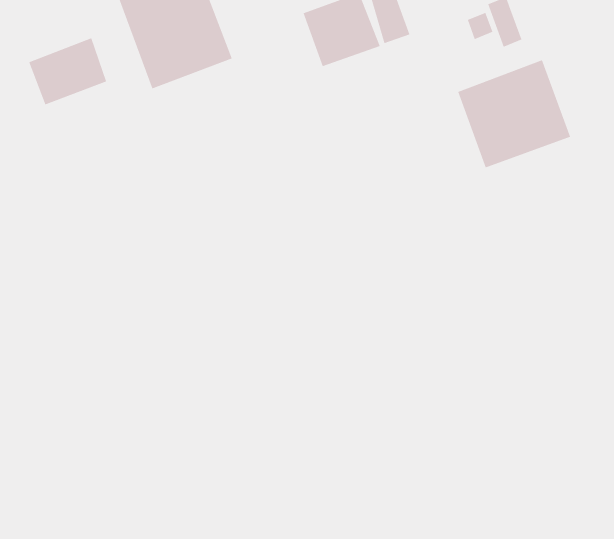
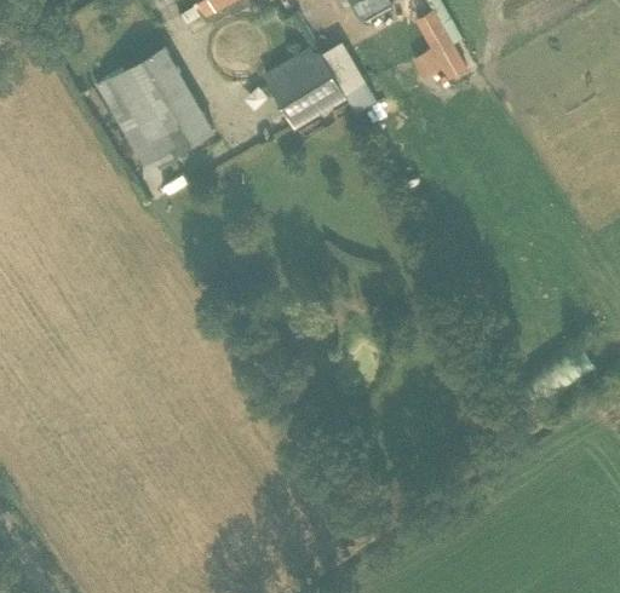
building: [28,37,107,106] -> none
building: [457,59,571,169] -> none

